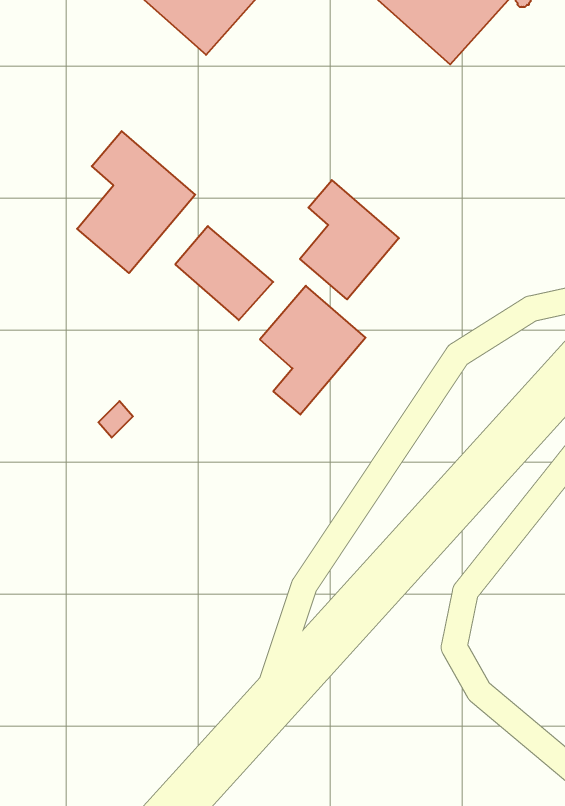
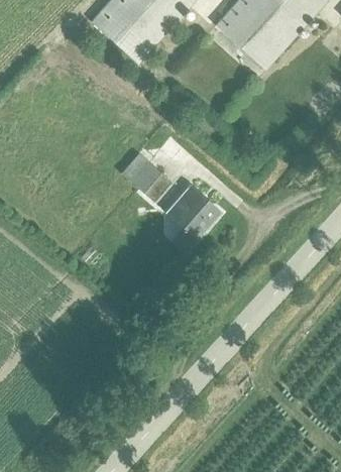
building: [77,131,195,273] -> none
building: [300,180,399,299] -> none

